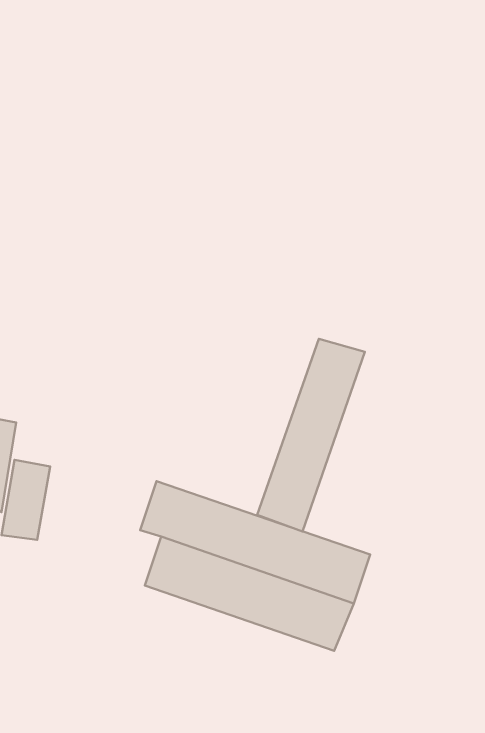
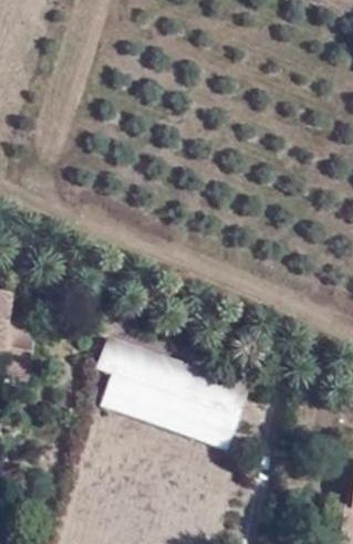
building: [257,339,365,531] -> none

